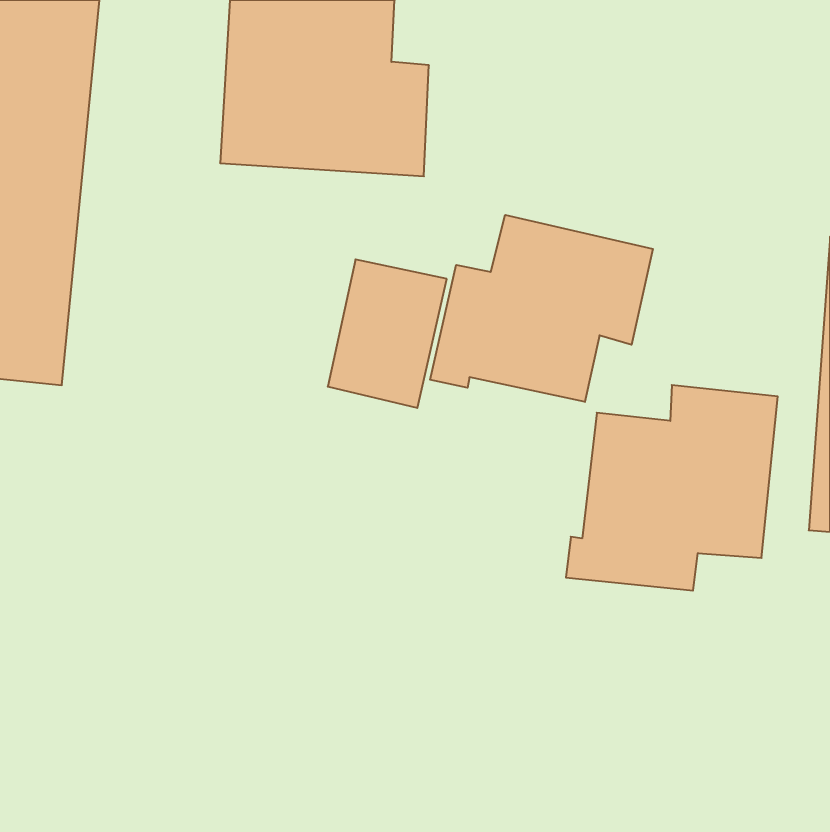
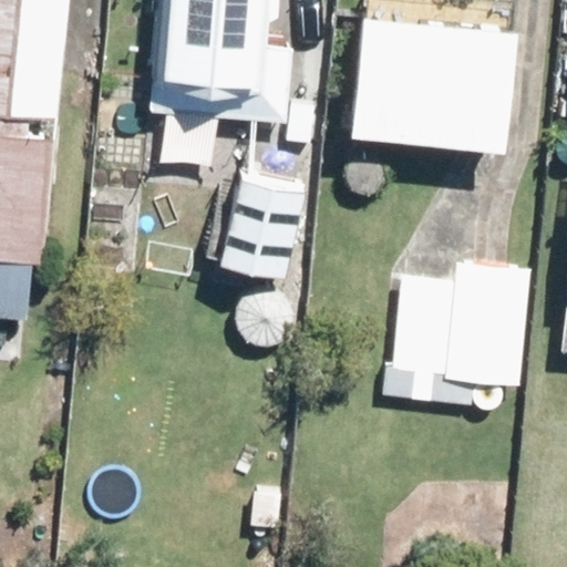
building: none -> [351,9,516,152]
building: [430,215,653,402] -> none

